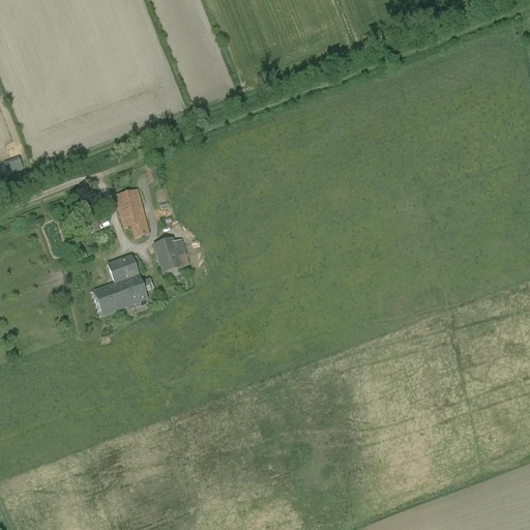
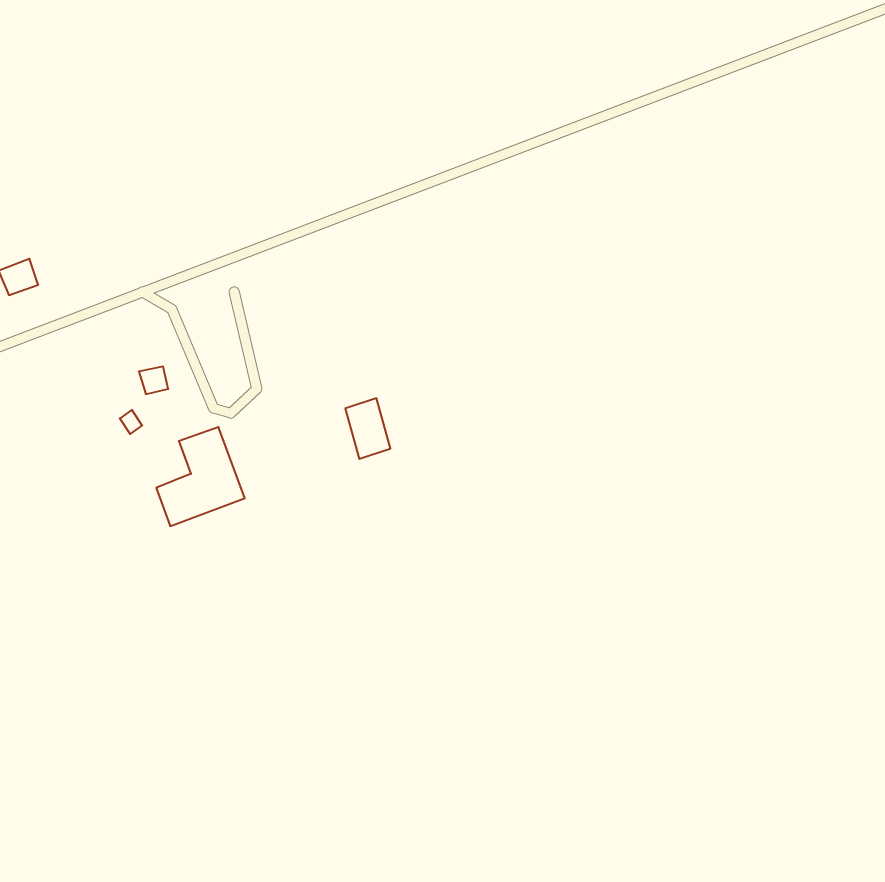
building: [121,188,148,236] -> none
building: [153,236,180,272] -> [345,398,390,459]

